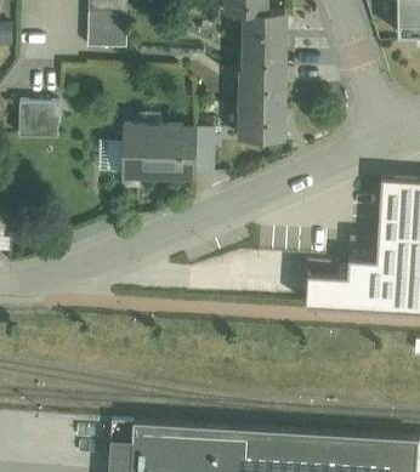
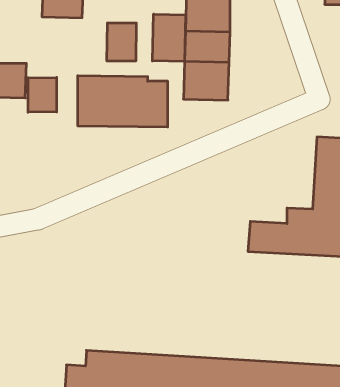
building: none -> [152,14,186,62]
building: none -> [107,23,136,61]
building: none -> [28,77,57,112]

